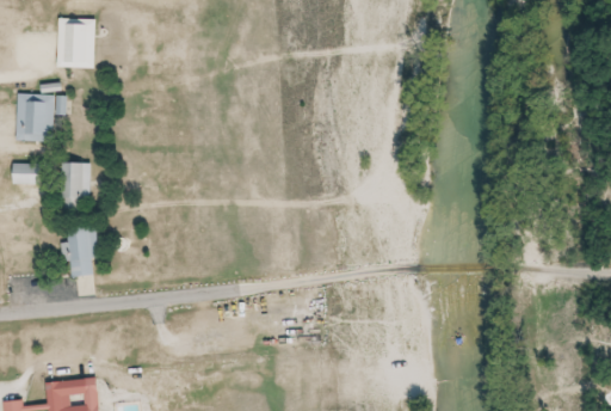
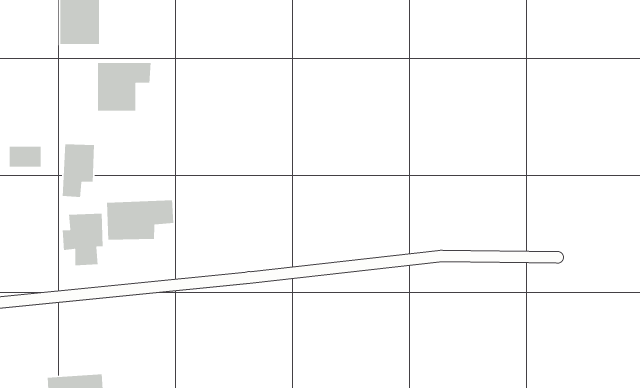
building: [14,94,66,141] -> [97,62,151,111]
building: none -> [106,200,174,241]

